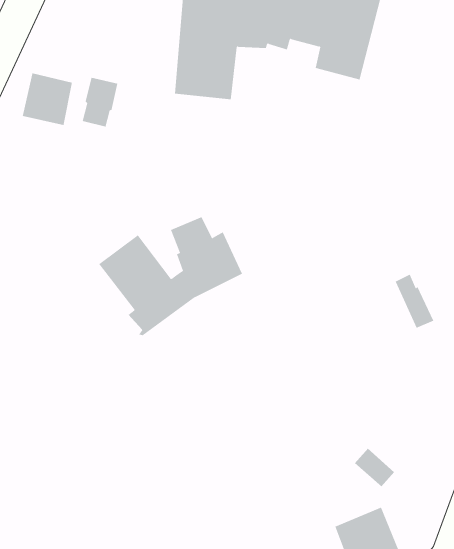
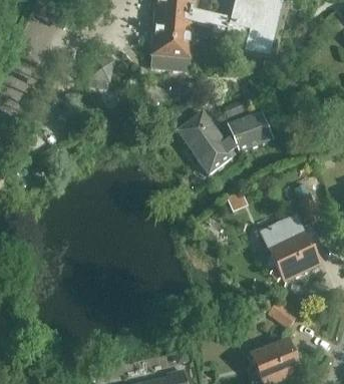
building: [22,72,73,126] -> none
building: [97,216,243,336] -> [174,95,270,174]
building: none -> [265,218,317,278]

